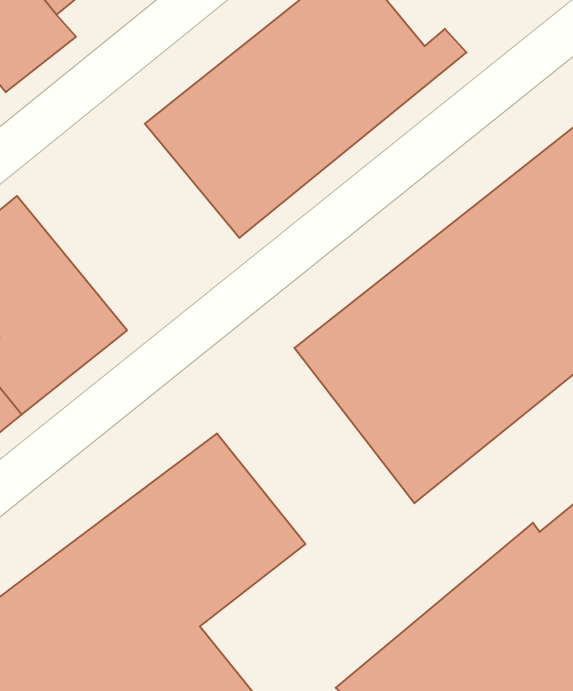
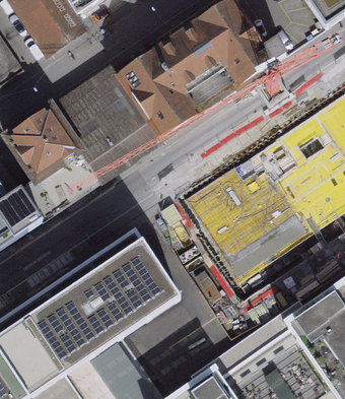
building: none -> [48,67,160,183]

